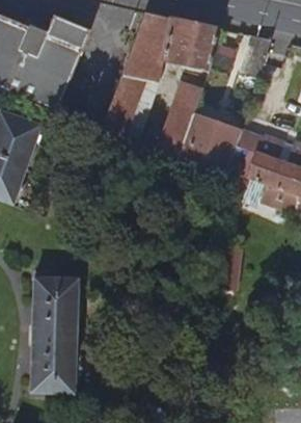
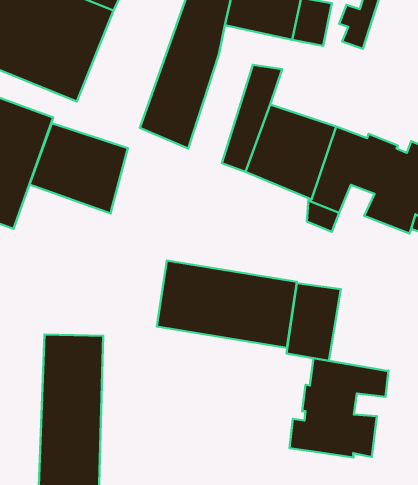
building: none -> [29,123,128,213]
building: none -> [157,261,297,348]
building: none -> [290,358,389,457]

